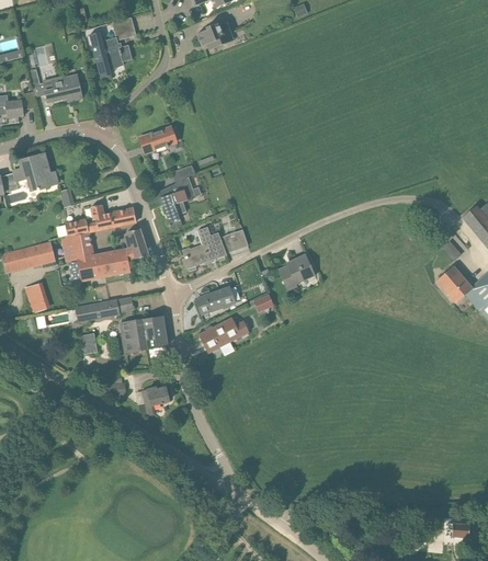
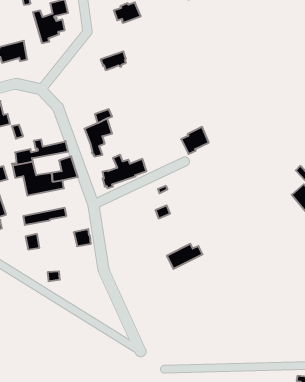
building: [140,126,174,151] -> [101,51,126,70]
building: [277,253,315,289] -> [181,127,209,154]
building: [196,286,235,313] -> none
building: [121,316,163,353] -> none
building: [200,318,248,352] -> [167,244,203,269]
building: [138,386,169,415] -> none

